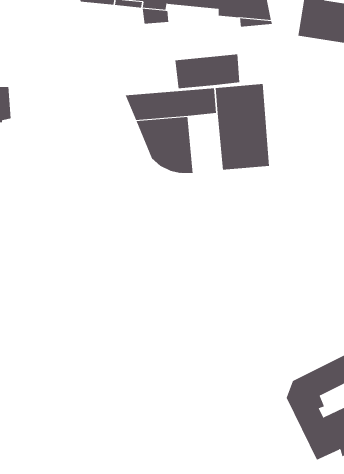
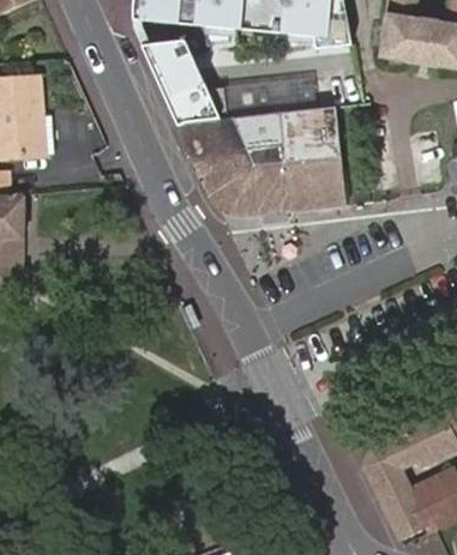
building: none -> [140,40,221,121]
building: none -> [257,144,295,212]

